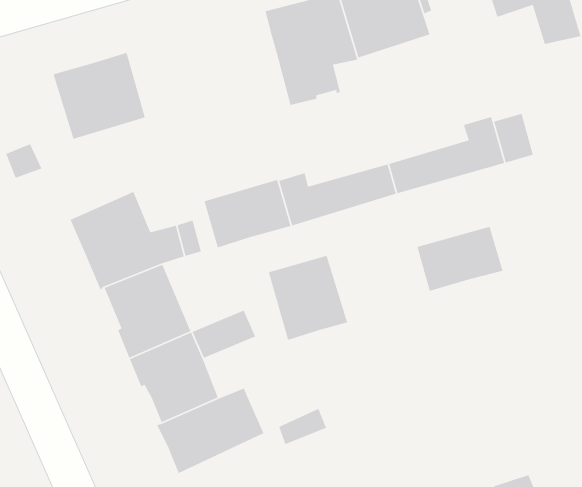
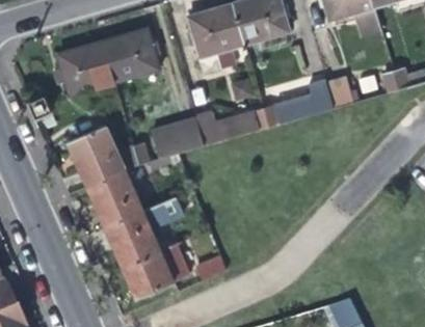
building: none -> [103,26,158,79]
building: [416,226,503,292] -> none
building: [268,255,348,341] -> none

